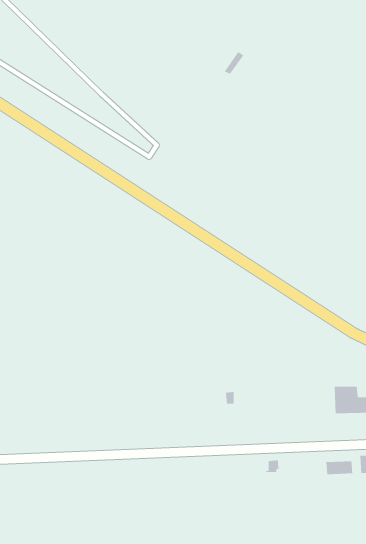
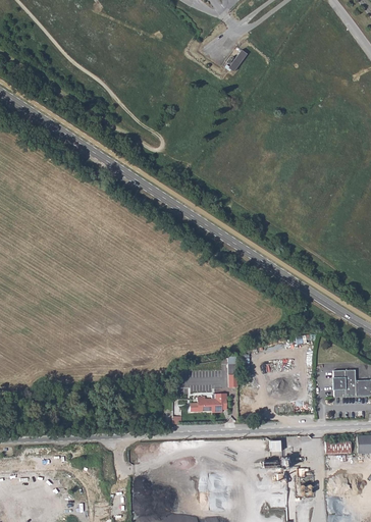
building: none -> [197,393,226,411]

